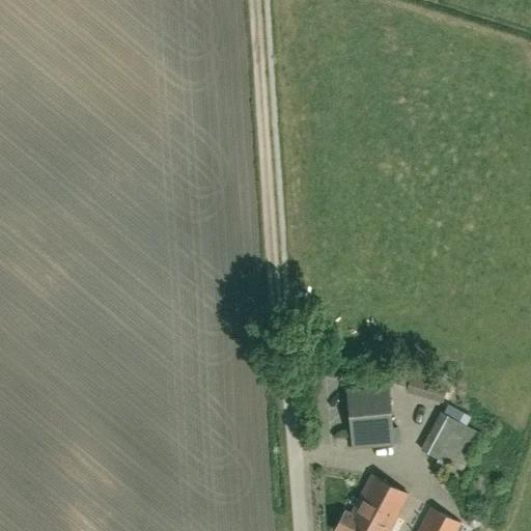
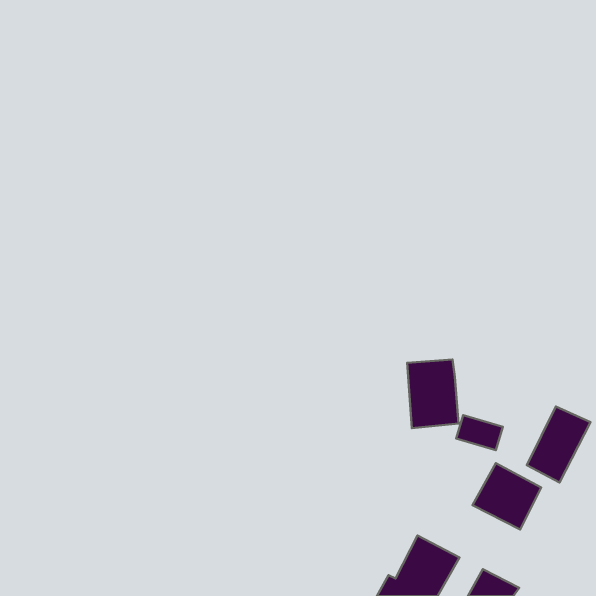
building: none -> [527,407,591,483]
building: [346,387,392,448] -> [407,359,458,428]

